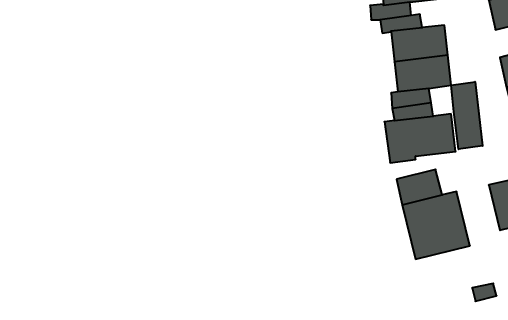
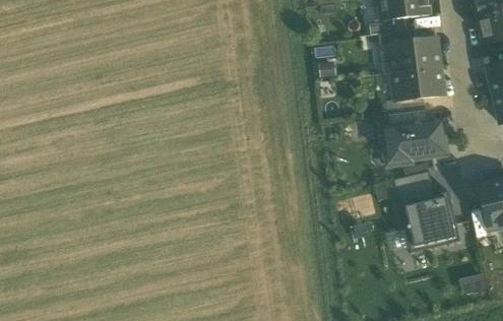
building: [451,82,483,149] -> none

